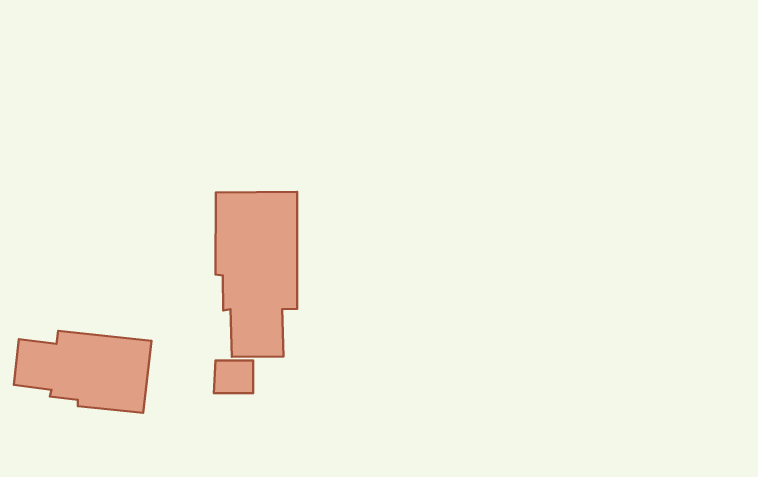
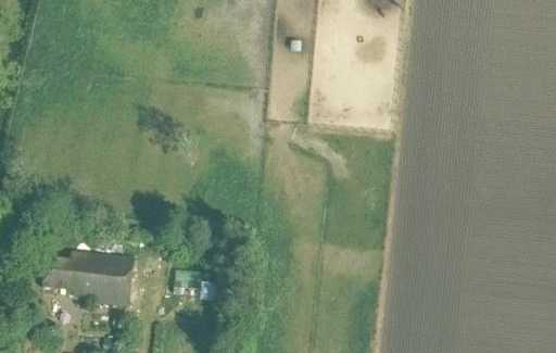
building: [215,192,297,357] -> none

